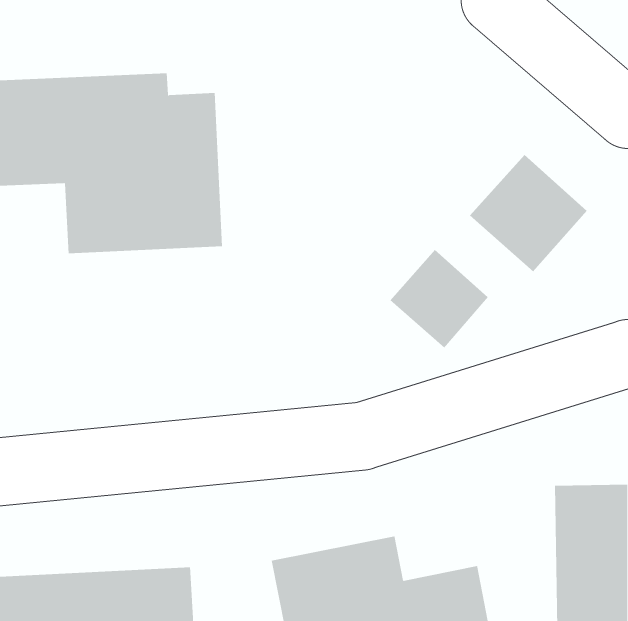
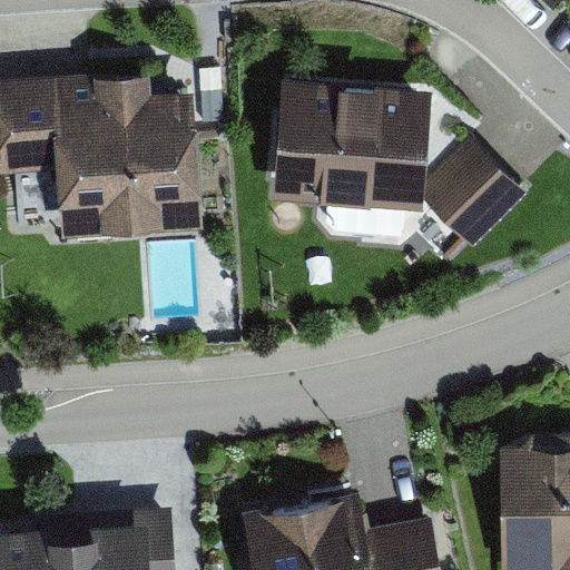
building: none -> [267,81,429,213]
building: [389,249,489,348] -> none

